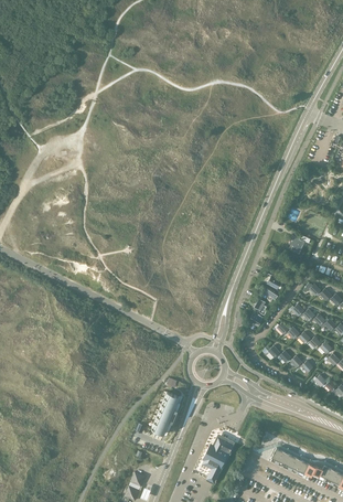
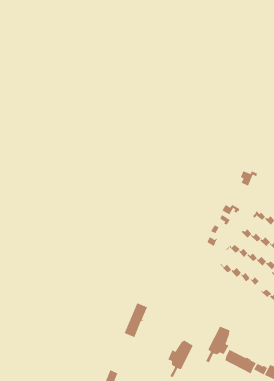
building: none -> [206,326,230,363]

